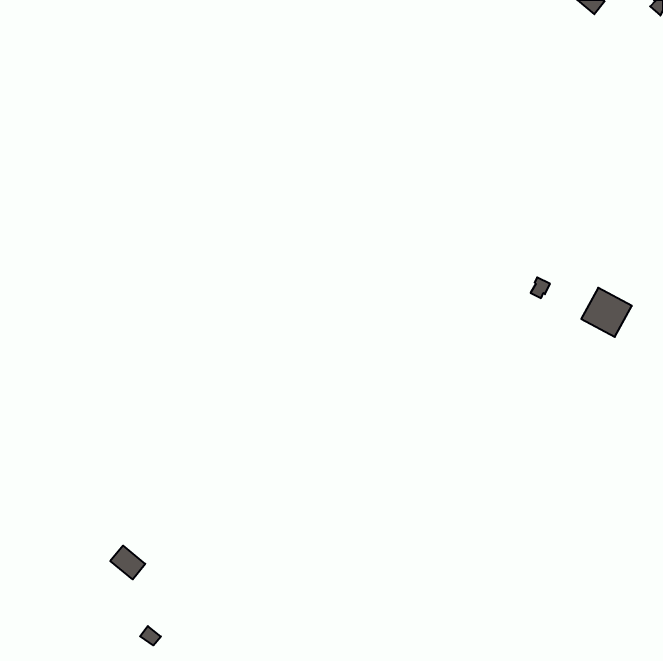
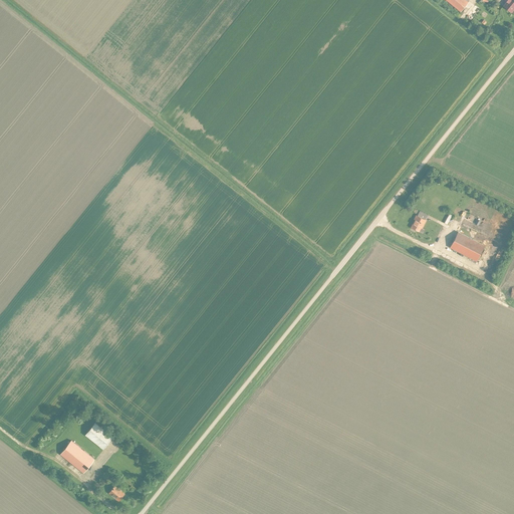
building: none -> [60,442,94,473]

